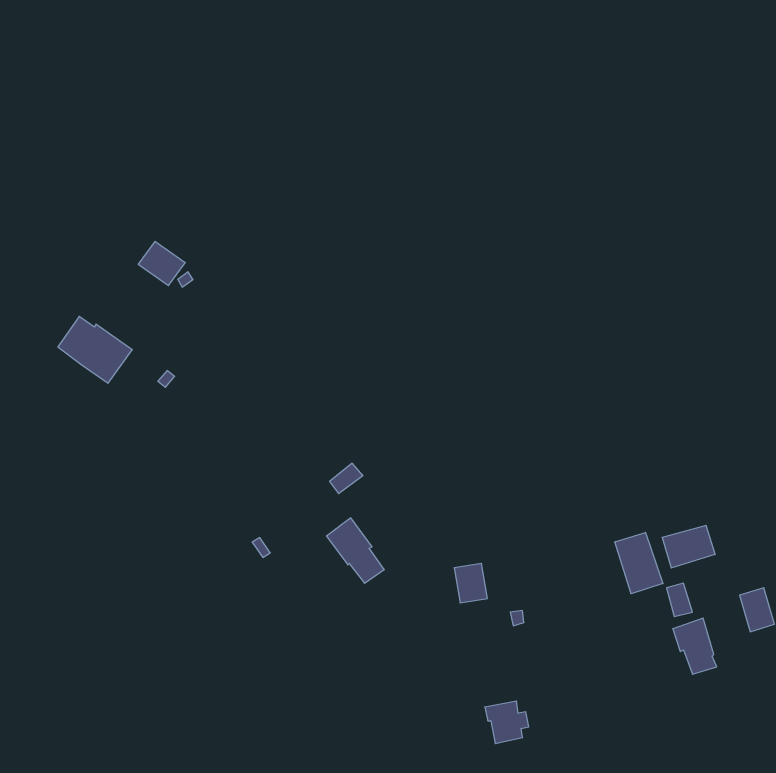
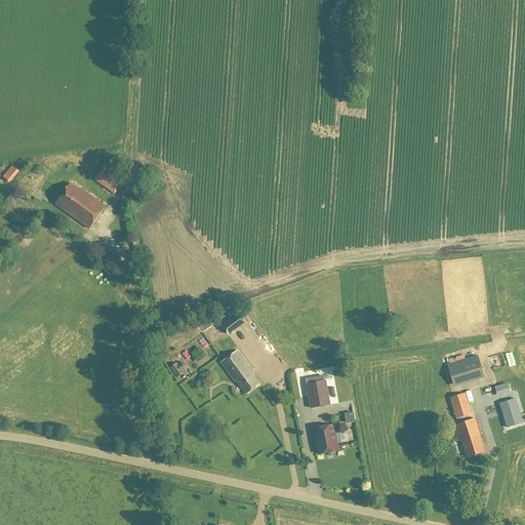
building: [58,316,132,383] -> [55,183,106,228]
building: [615,532,663,594] -> none
building: [485,701,529,744] -> [312,425,341,453]

